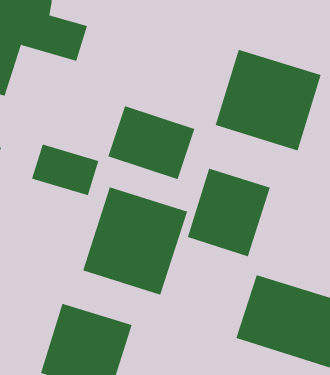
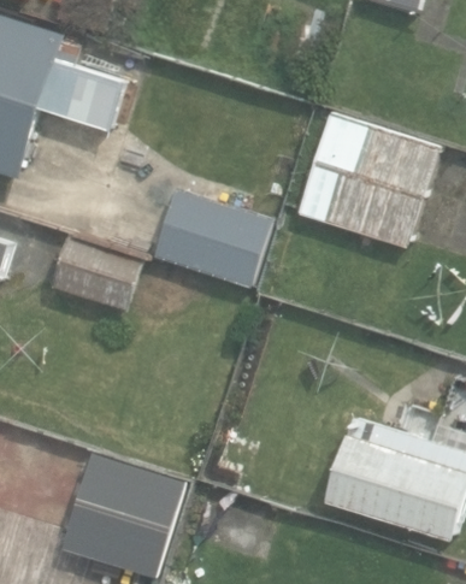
building: [187,168,271,257] -> none
building: [82,187,188,295] -> none

